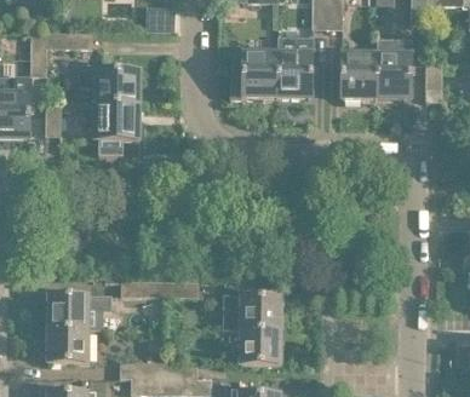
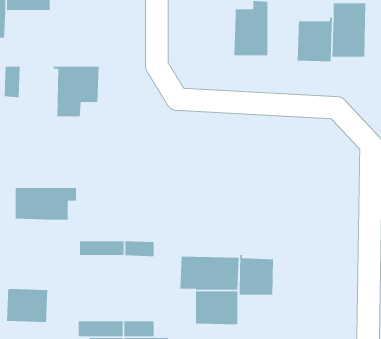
building: [229,52,277,99] -> none
building: [80,68,136,103] -> none
building: none -> [239,254,274,296]
building: [47,295,110,329] -> [15,187,77,221]

